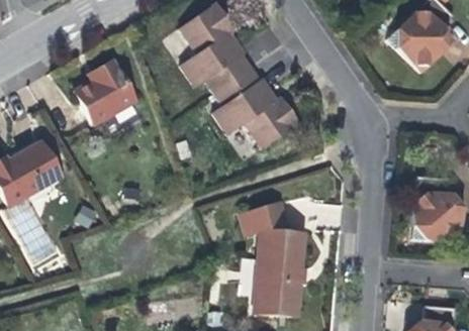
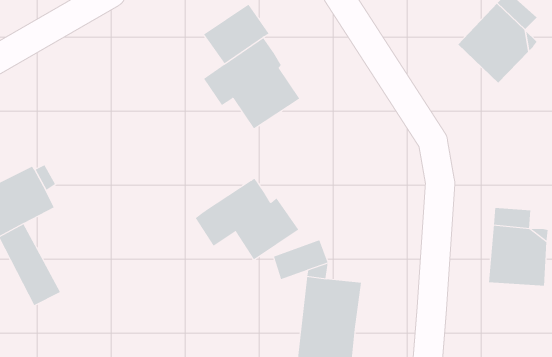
building: [81,60,139,123] -> none
building: [213,82,299,149] -> [195,178,299,260]

